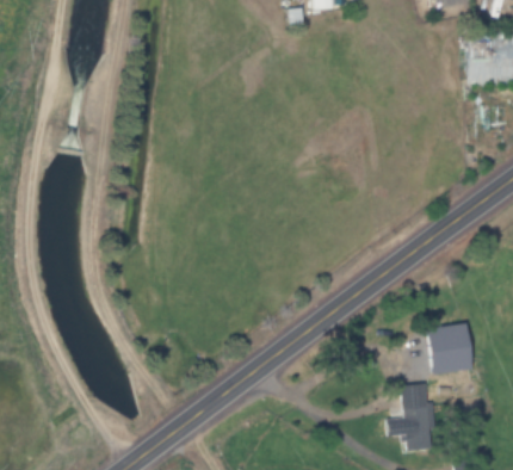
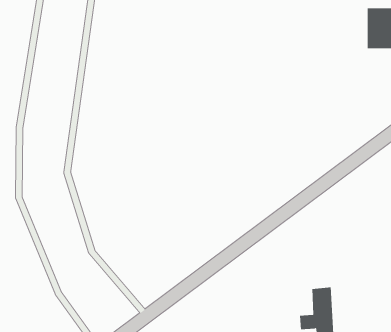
building: [429,323,469,371] -> none

